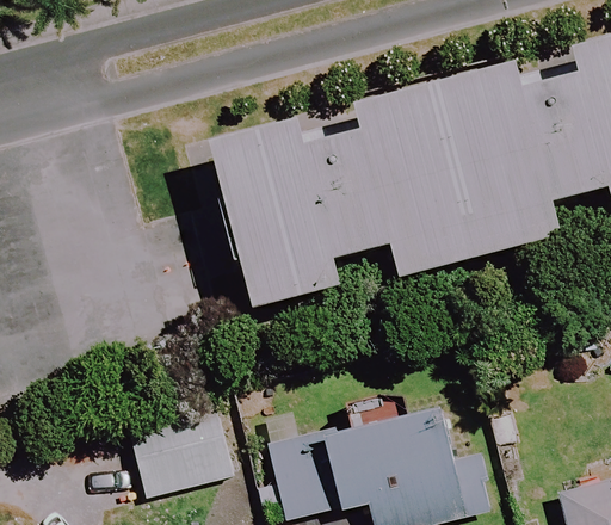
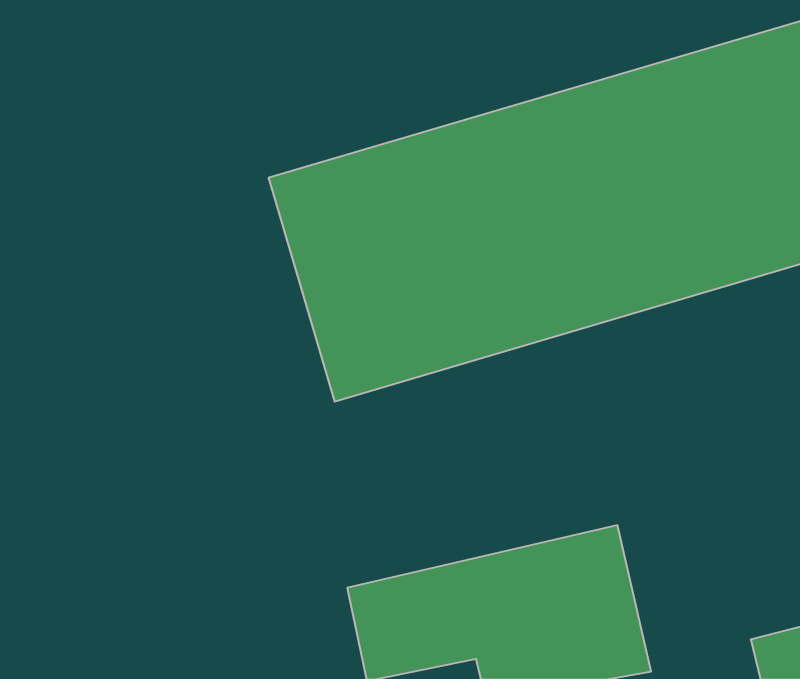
building: [131,402,240,500] -> none

